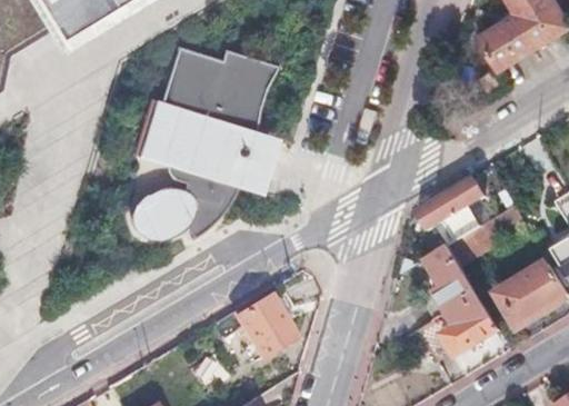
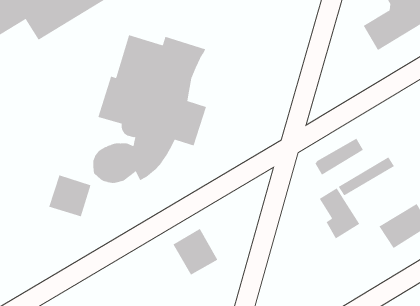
building: none -> [48,175,91,217]
building: [417,290,499,364] -> none

